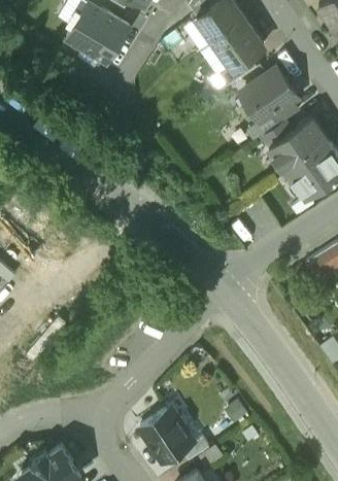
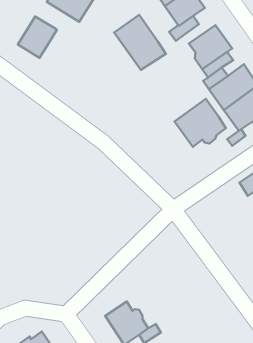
building: none -> [114,15,166,70]
building: none -> [18,16,57,58]
building: none -> [175,99,226,147]

